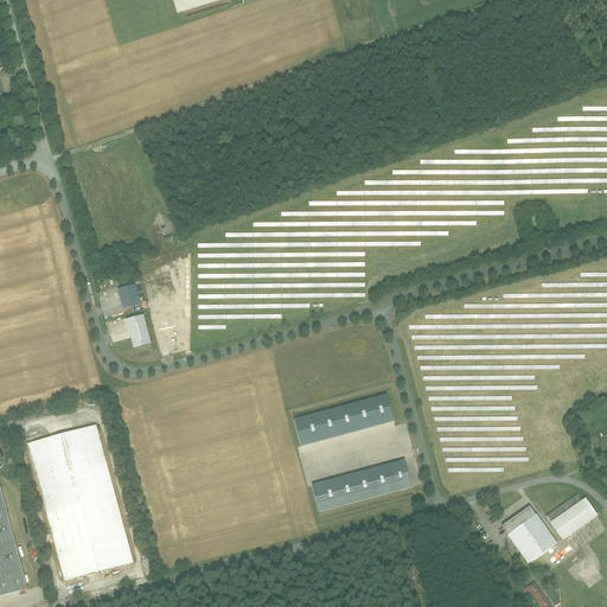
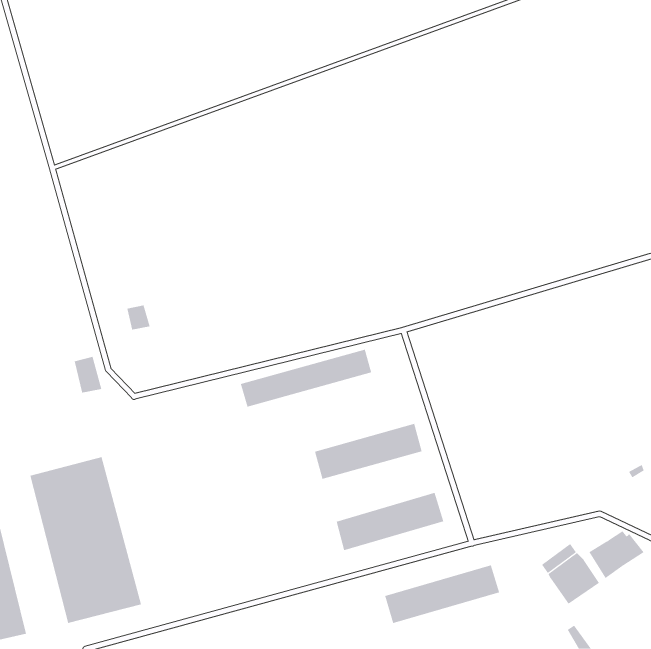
building: [126,313,152,347] -> [74,356,102,393]
building: none -> [240,349,372,408]
building: none -> [384,564,500,624]

